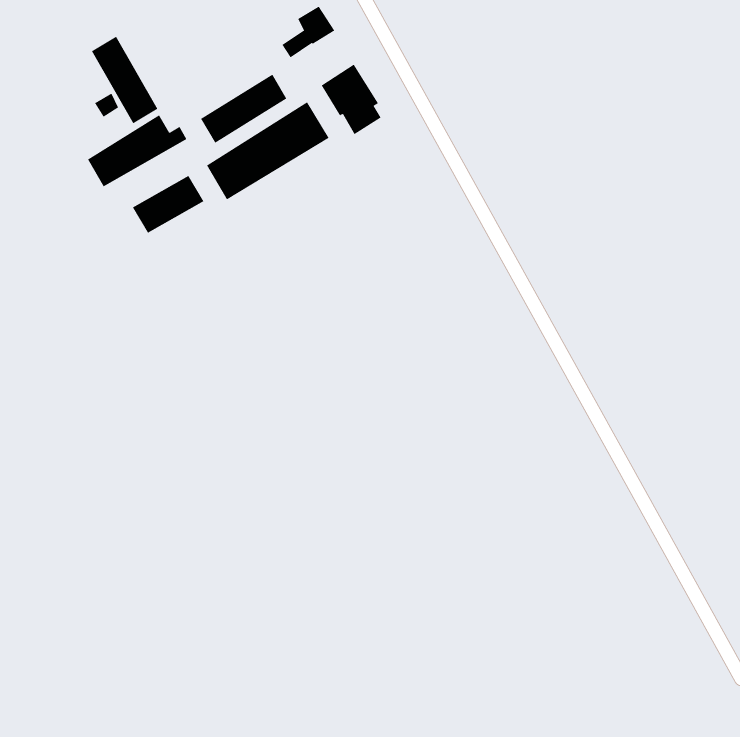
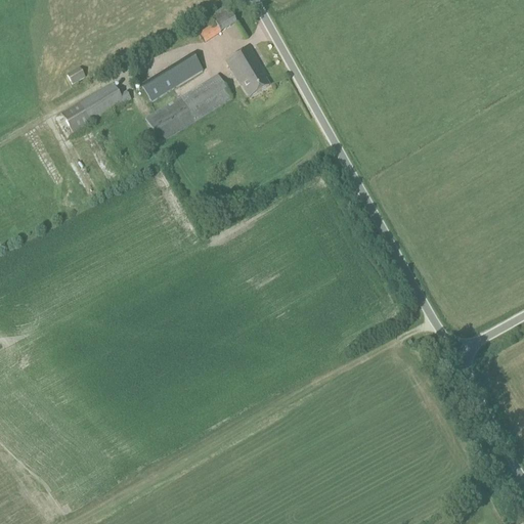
building: [91,36,158,124] -> none
building: [132,175,204,234] -> none

